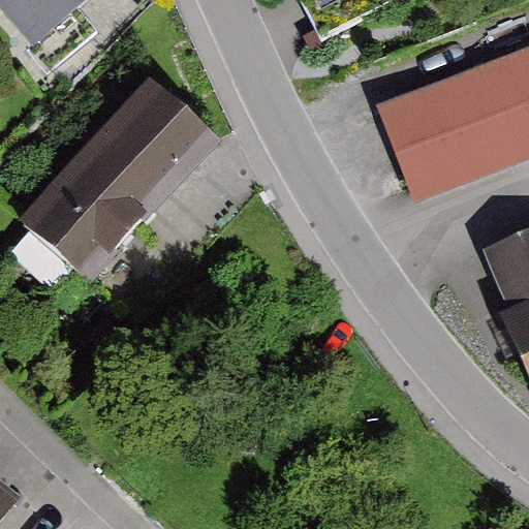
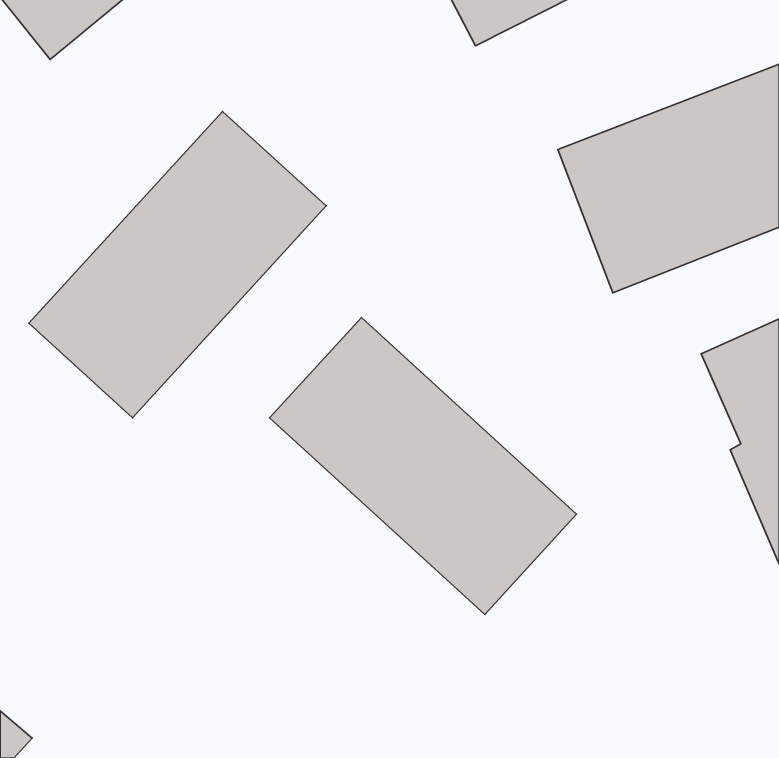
building: none -> [270,317,577,614]

